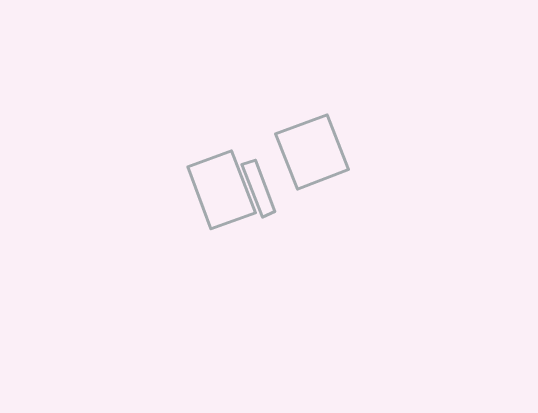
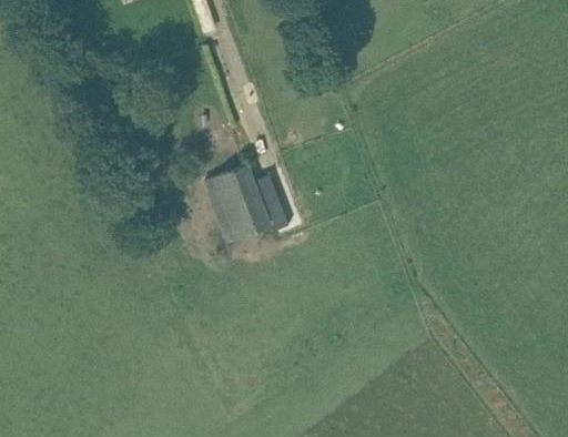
building: [275,115,348,189] -> none

